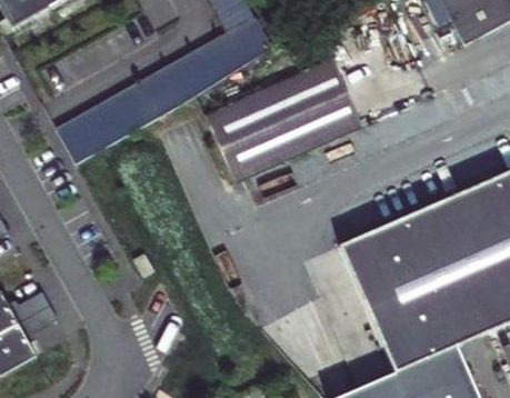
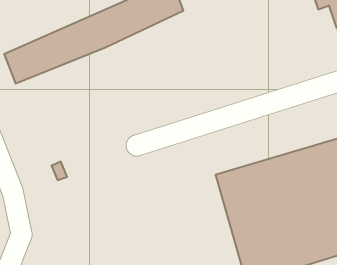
building: [204,57,363,182] -> none

